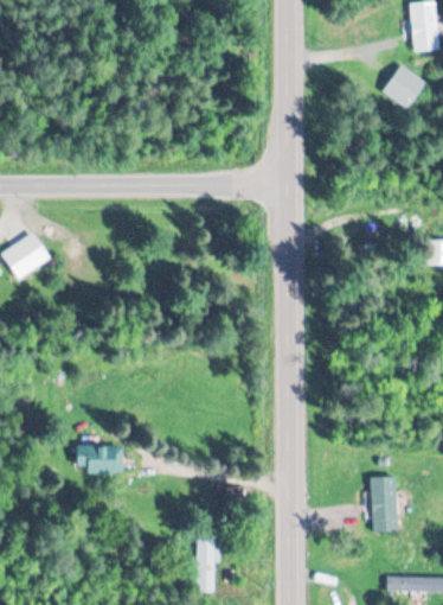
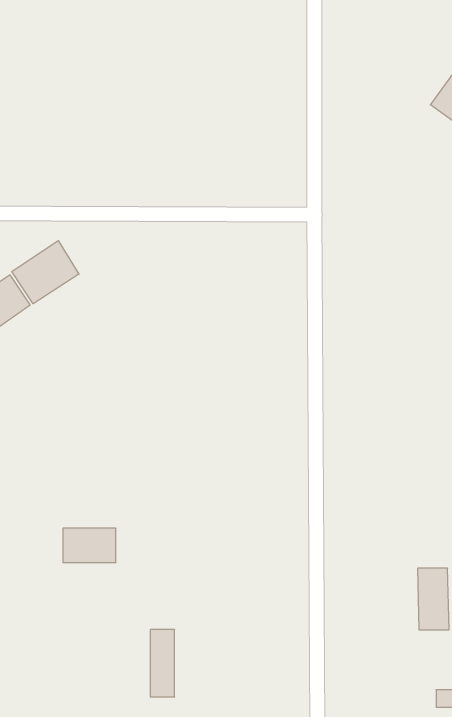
building: none -> [12,241,79,304]
building: [198,537,218,593] -> [150,630,175,697]

